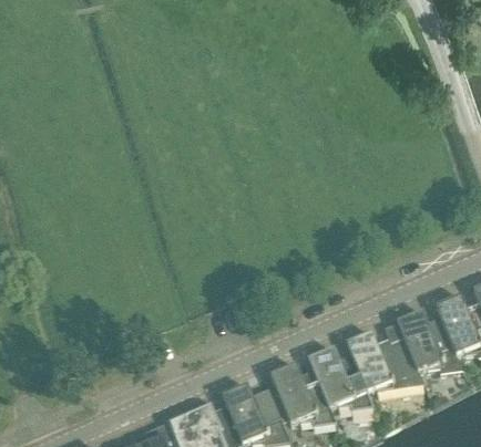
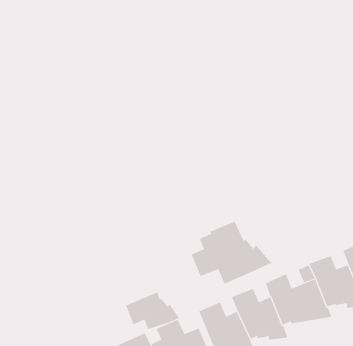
building: none -> [191,221,272,284]
building: none -> [125,292,180,330]

